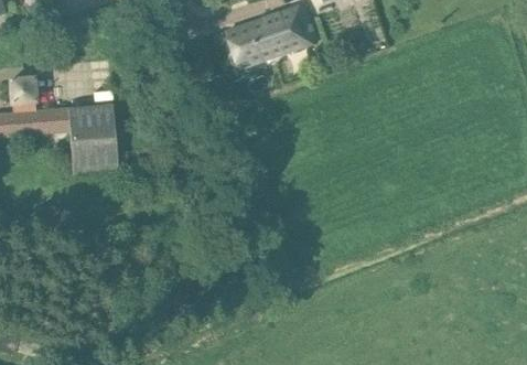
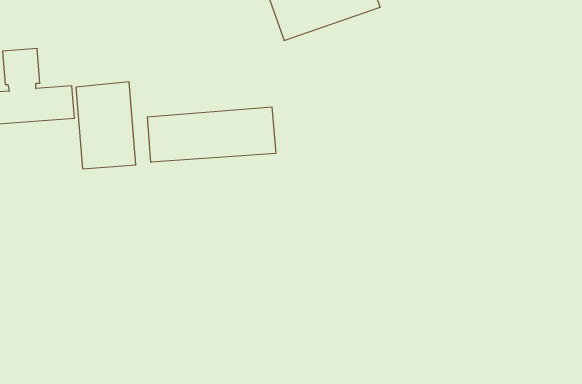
building: none -> [148,107,276,162]

